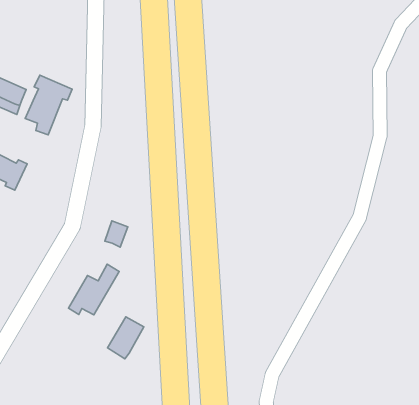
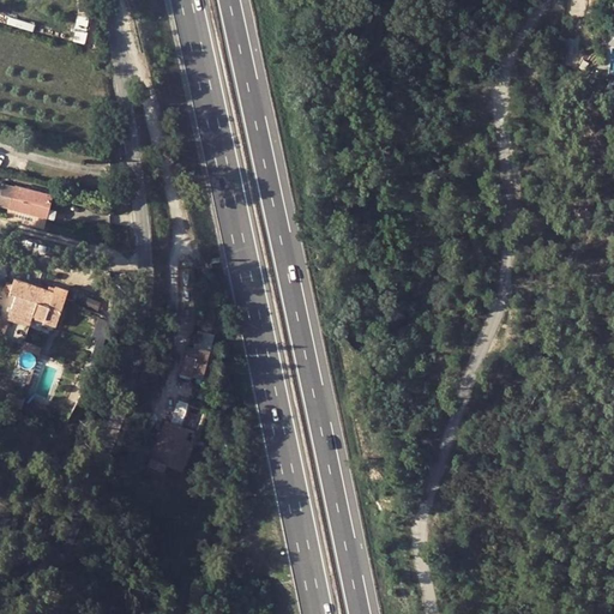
building: [25,75,72,135] -> none
building: [108,317,144,359] -> none

